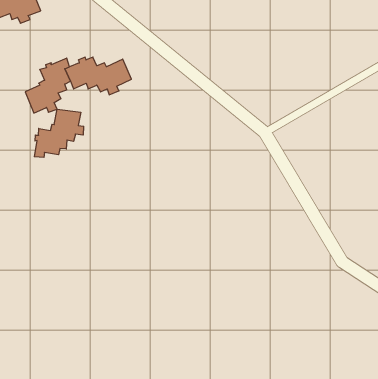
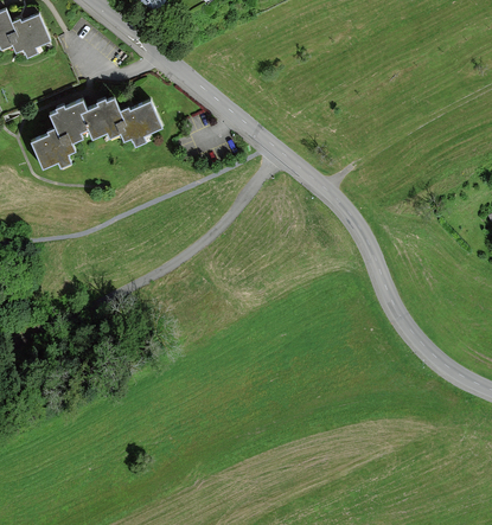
building: [34,109,84,157] -> none

